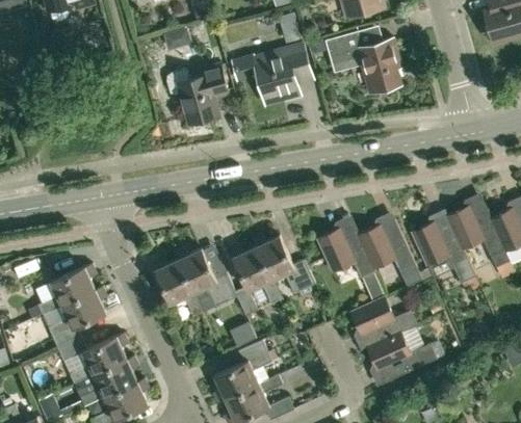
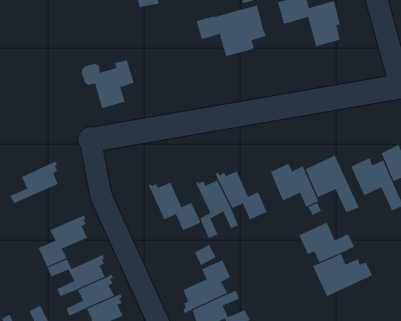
building: [165,64,228,122] -> [81,60,135,109]
building: [152,259,202,316] -> none
building: [36,263,94,313] -> [9,161,59,204]

